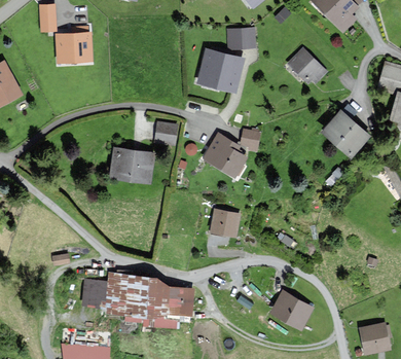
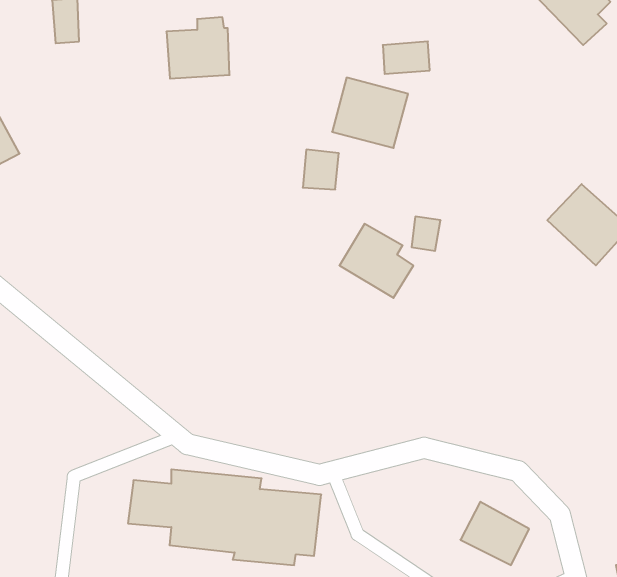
building: [54,27,90,62] -> [166,17,230,79]
building: [289,48,325,83] -> none
building: [155,121,176,144] -> [303,150,339,189]
building: [110,148,154,182] -> none
building: [211,209,239,237] -> none

